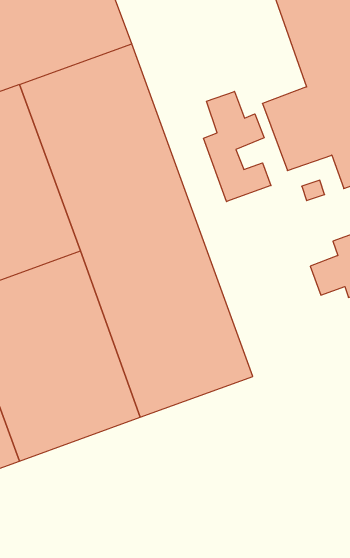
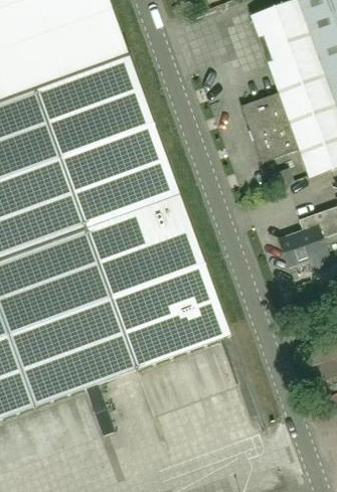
building: [203,91,271,202] -> none

